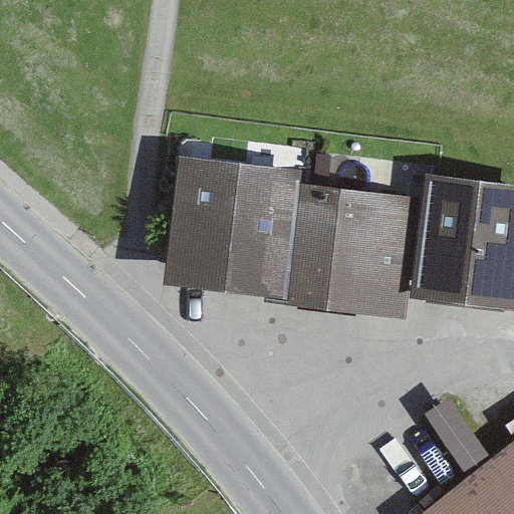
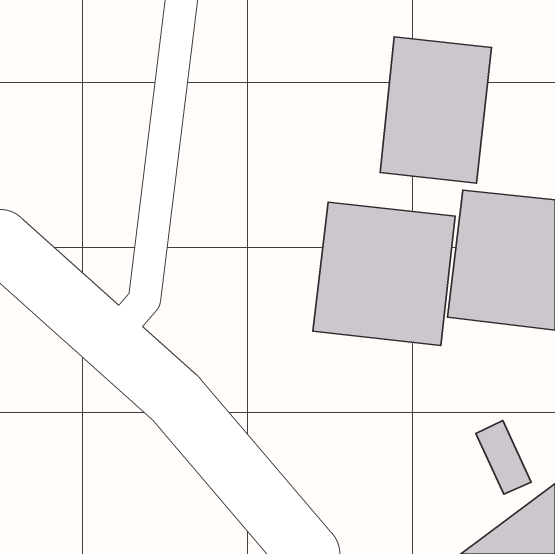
building: none -> [380,37,491,183]
building: [170,161,299,292] -> none

